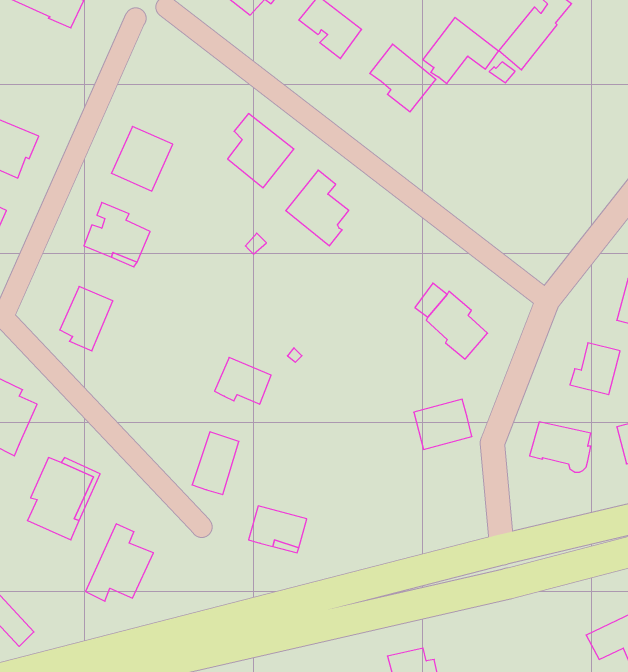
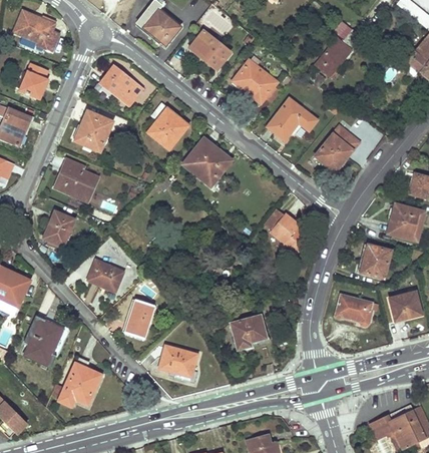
building: [423,17,499,84] -> [270,98,317,139]
building: none -> [21,64,47,97]
building: none -> [101,67,143,102]
building: none -> [315,125,359,169]
building: [215,357,271,404] -> [88,261,123,290]
building: [414,399,472,449] -> [232,315,268,346]

